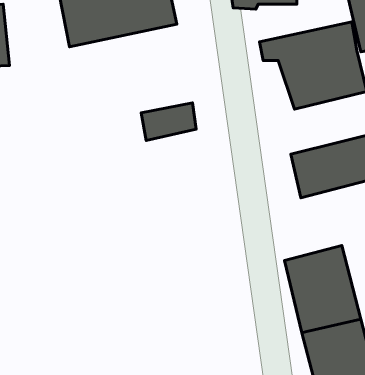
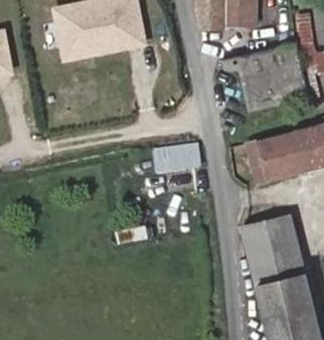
building: [141,103,196,140] -> [154,143,198,173]

